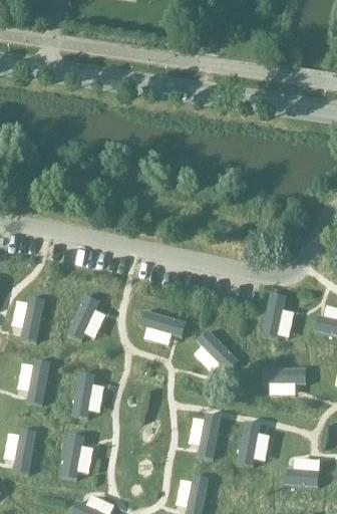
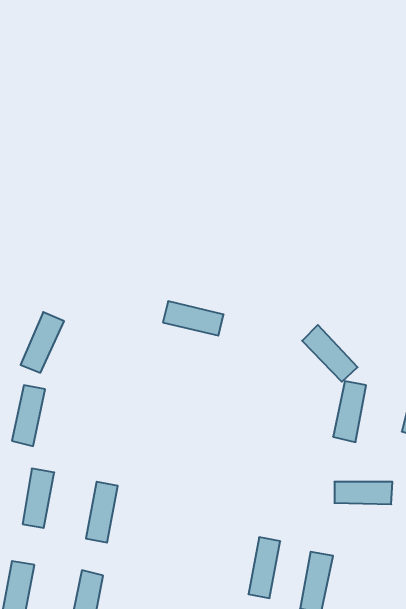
building: [67,296,100,342] -> [21,312,64,373]
building: [140,310,187,336] -> [163,301,224,336]
building: [196,327,238,370] -> [302,325,358,382]

